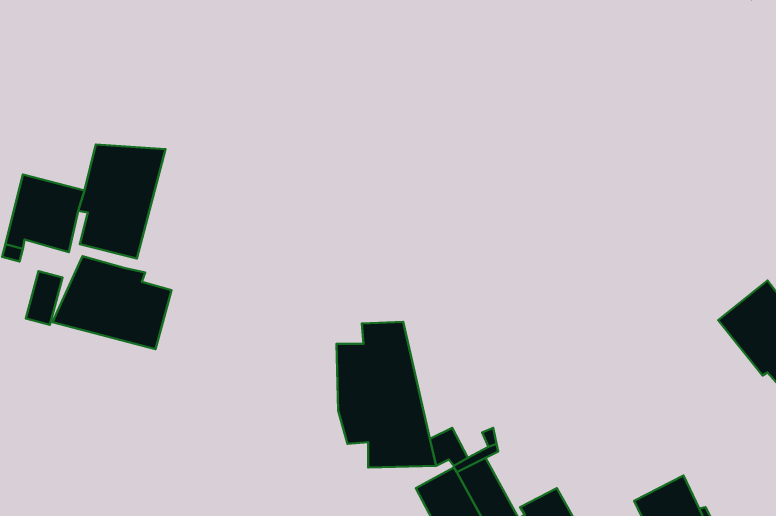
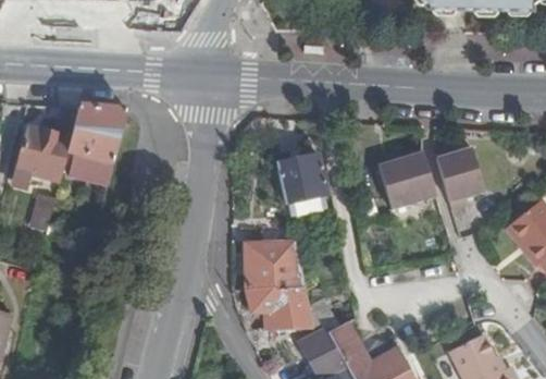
building: none -> [434,146,483,208]
building: none -> [376,151,435,209]
building: none -> [275,152,327,215]
building: [52,256,171,349] -> none

